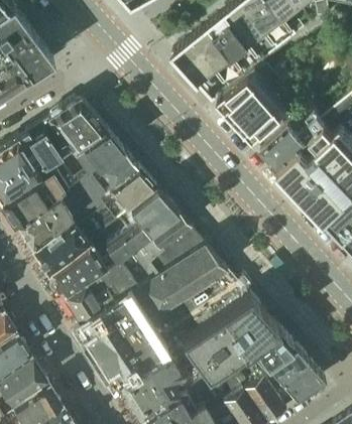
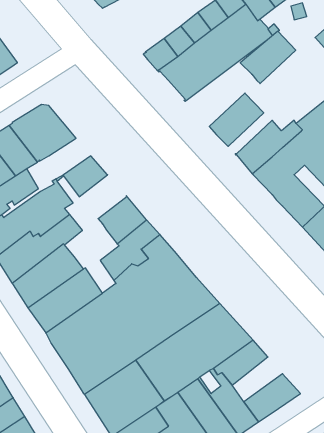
building: [217,75,270,125] -> [240,31,296,84]
building: [73,136,122,177] -> none
building: [97,171,156,225] -> none
building: [106,225,149,262] -> none
building: [258,346,307,390] -> none

